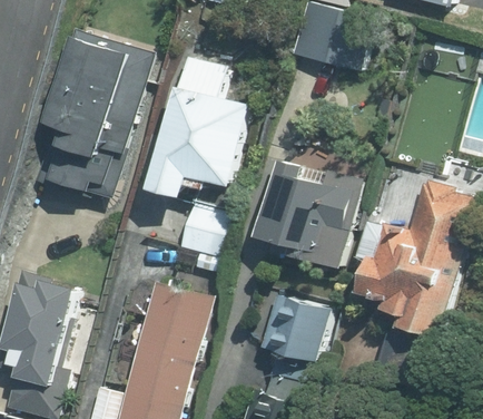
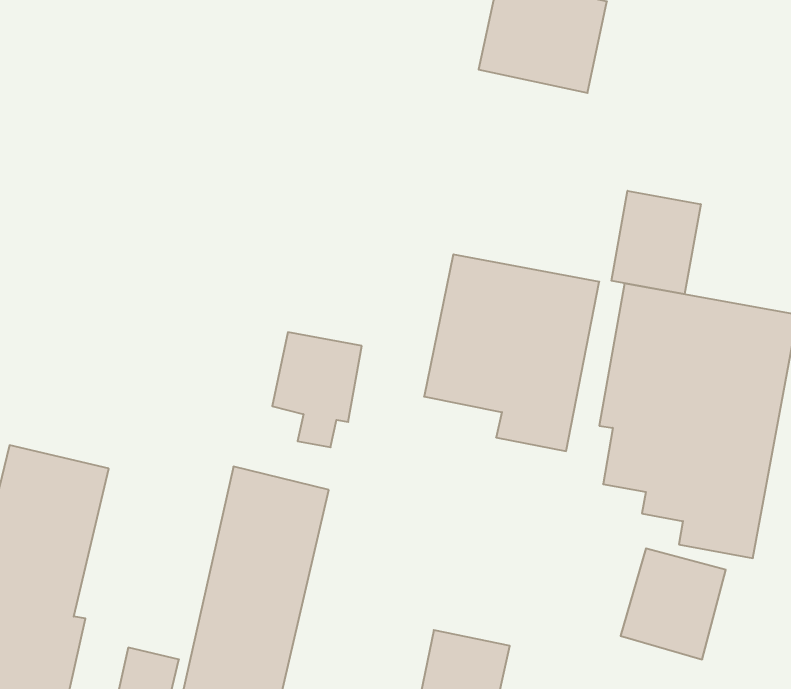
building: [37,29,154,193] -> none
building: [158,56,249,191] -> none
building: none -> [611,191,701,294]
building: [265,295,332,363] -> none

